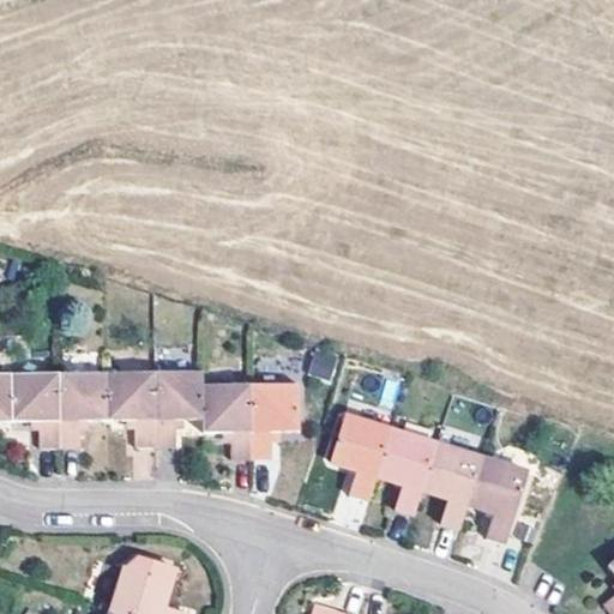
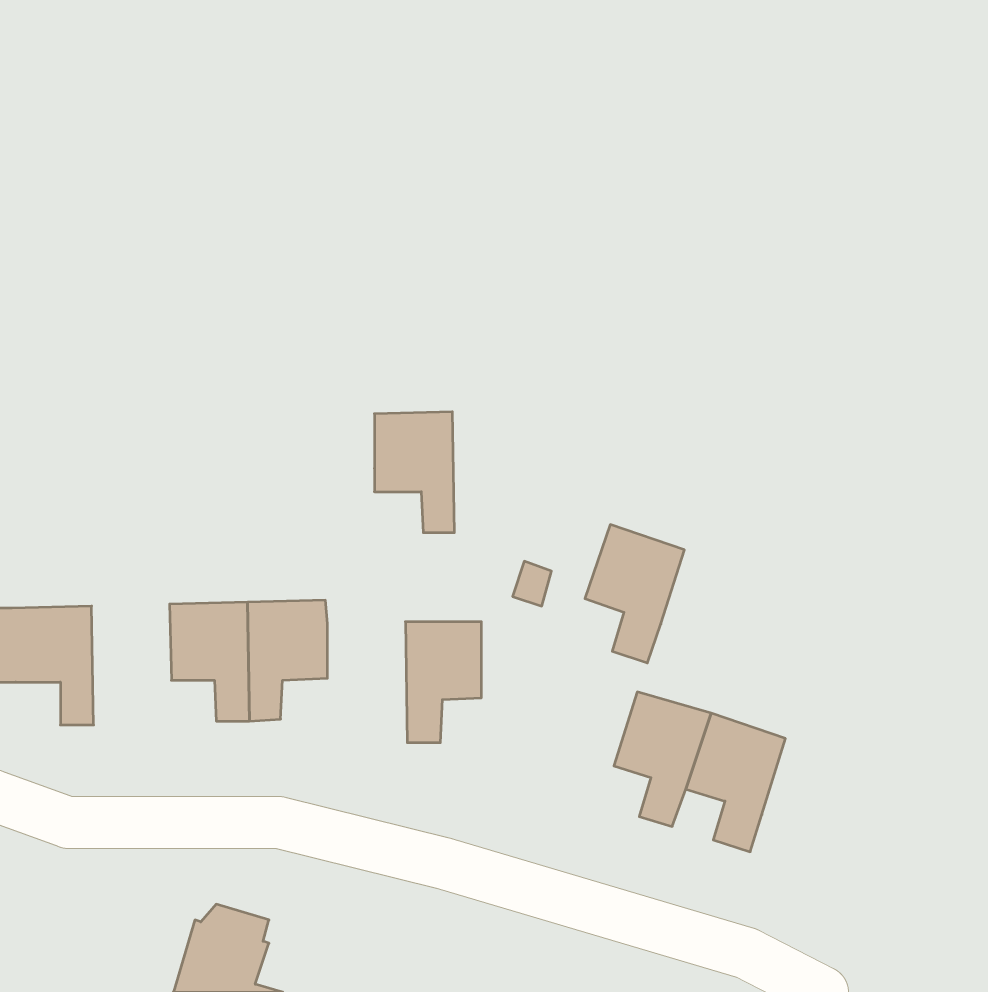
building: [56,372,106,446] -> none
building: [201,383,251,457] -> [374,412,454,533]
building: [331,410,392,495] -> [585,525,684,663]
building: [469,455,530,538] -> none

